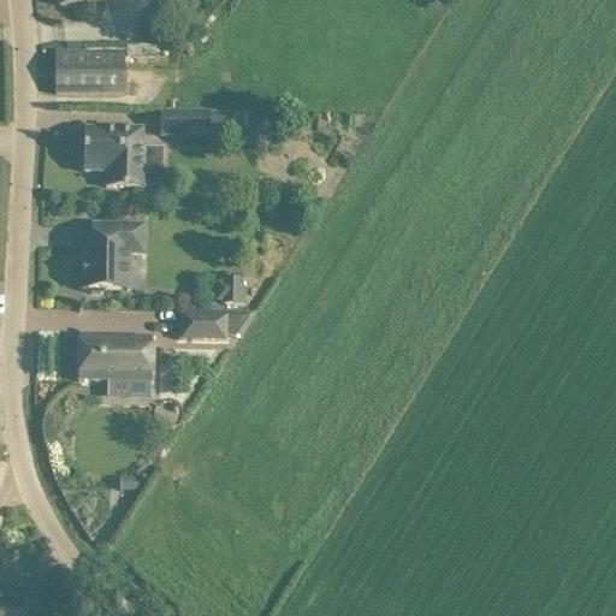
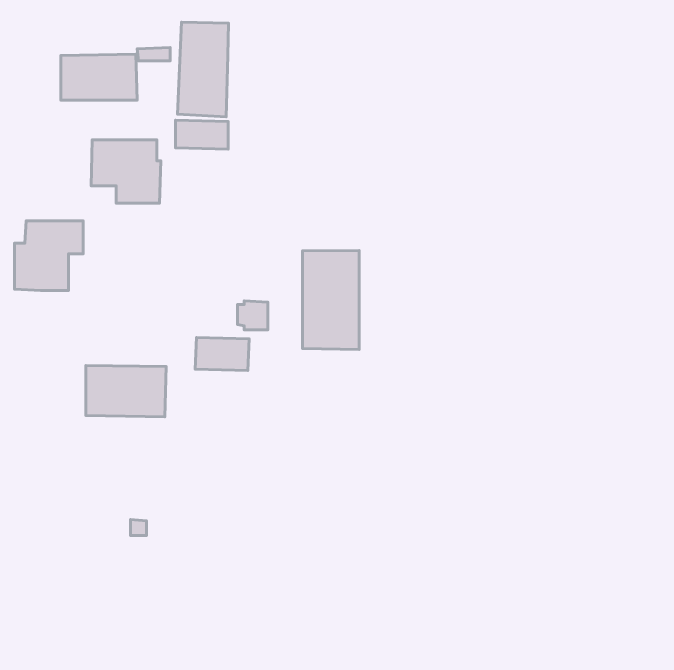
building: none -> [178,22,229,117]
building: [82,224,144,288] -> [14,221,83,291]
building: none -> [302,250,359,350]

